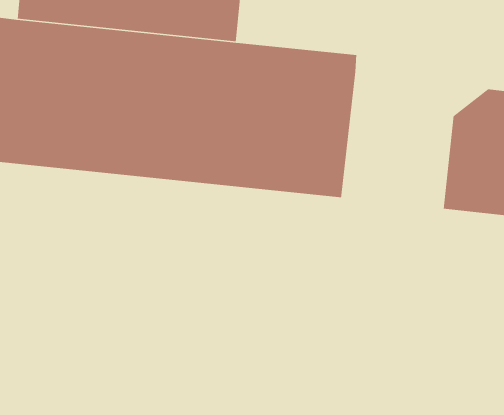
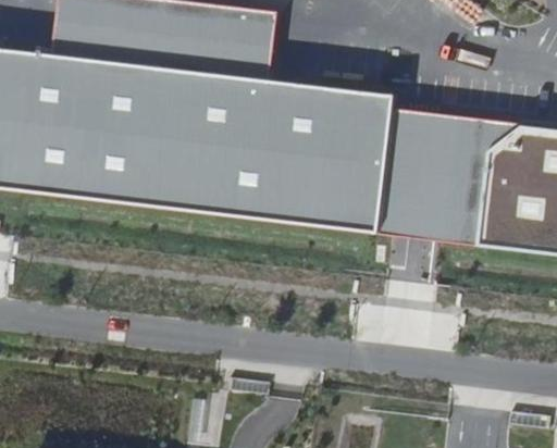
building: none -> [375,105,520,241]

